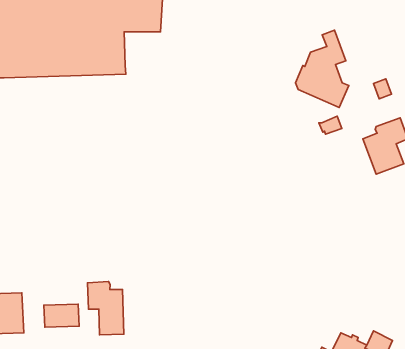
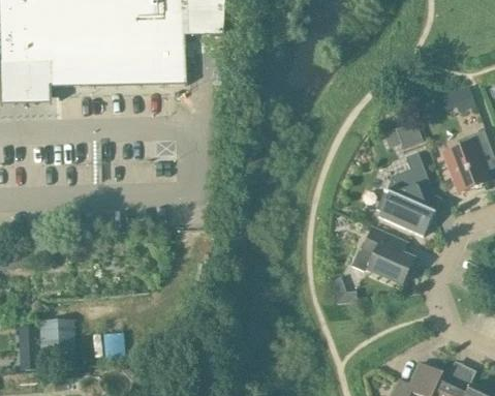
building: [295,30,349,108] -> [375,151,433,235]
building: none -> [351,226,412,283]
building: [88,282,124,335] -> none

